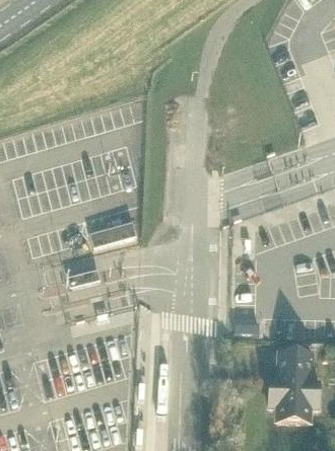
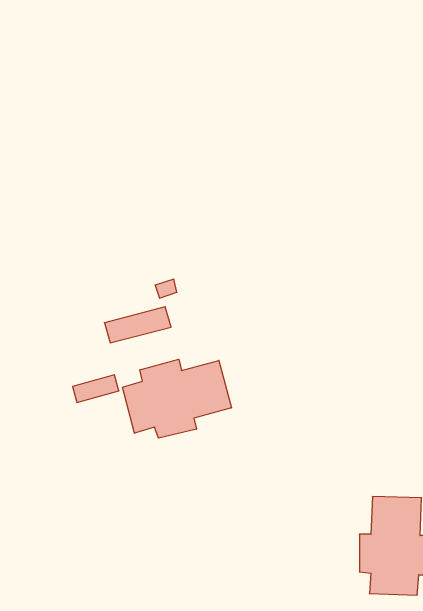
building: none -> [122,359,231,438]

